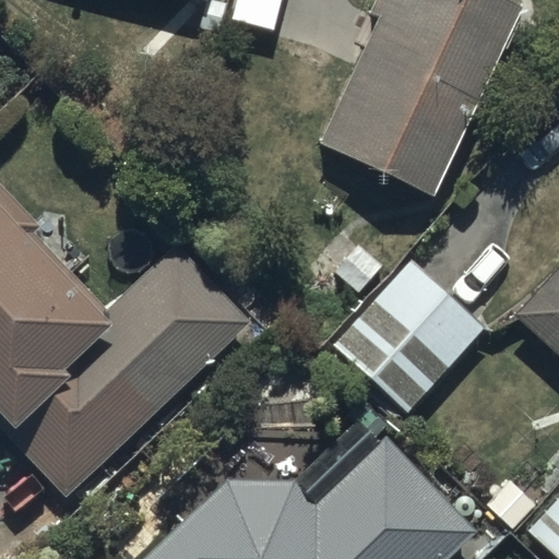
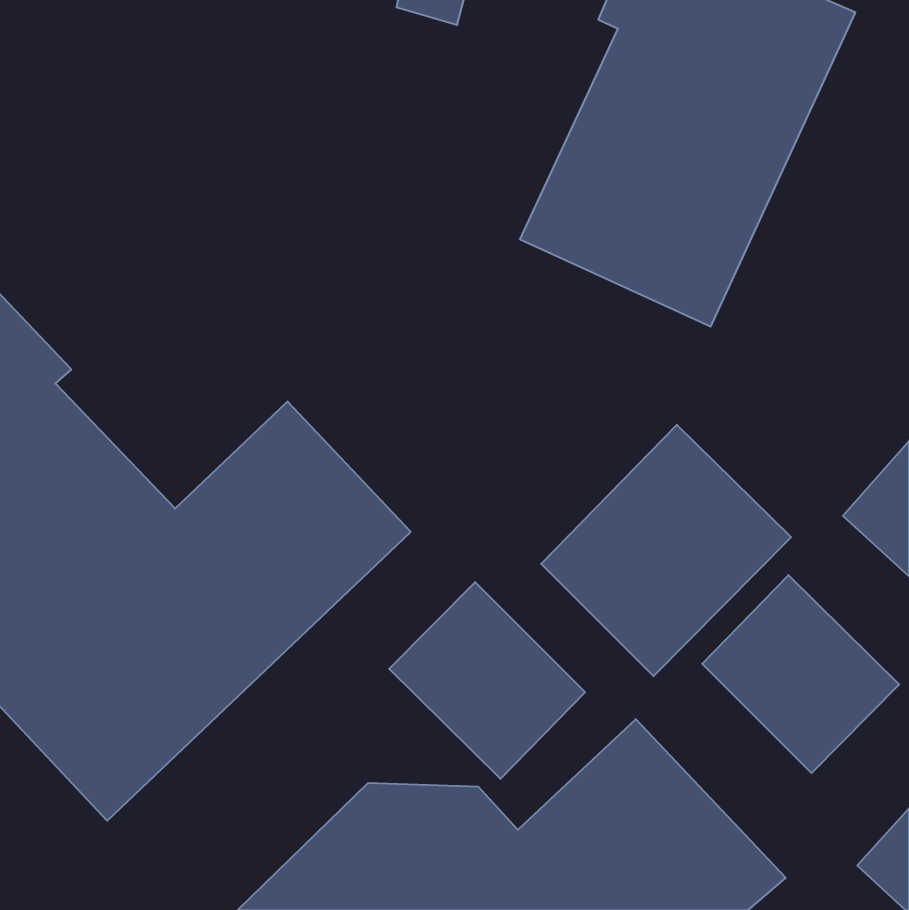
building: none -> [702,575,899,773]
building: none -> [389,582,585,779]

